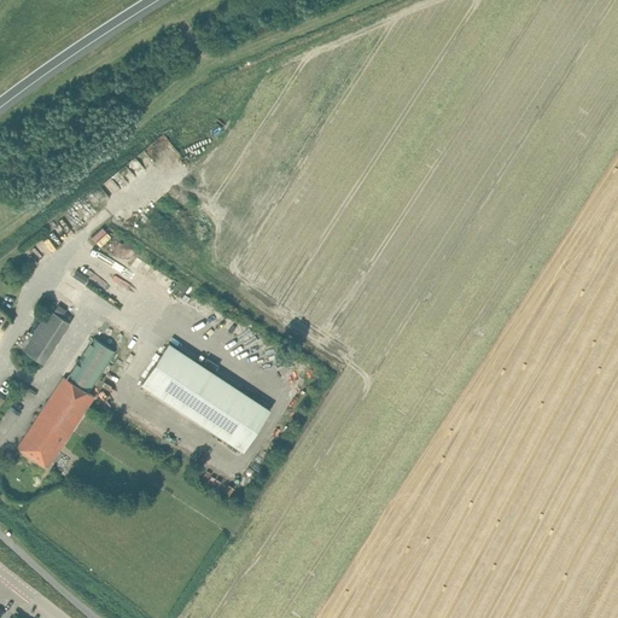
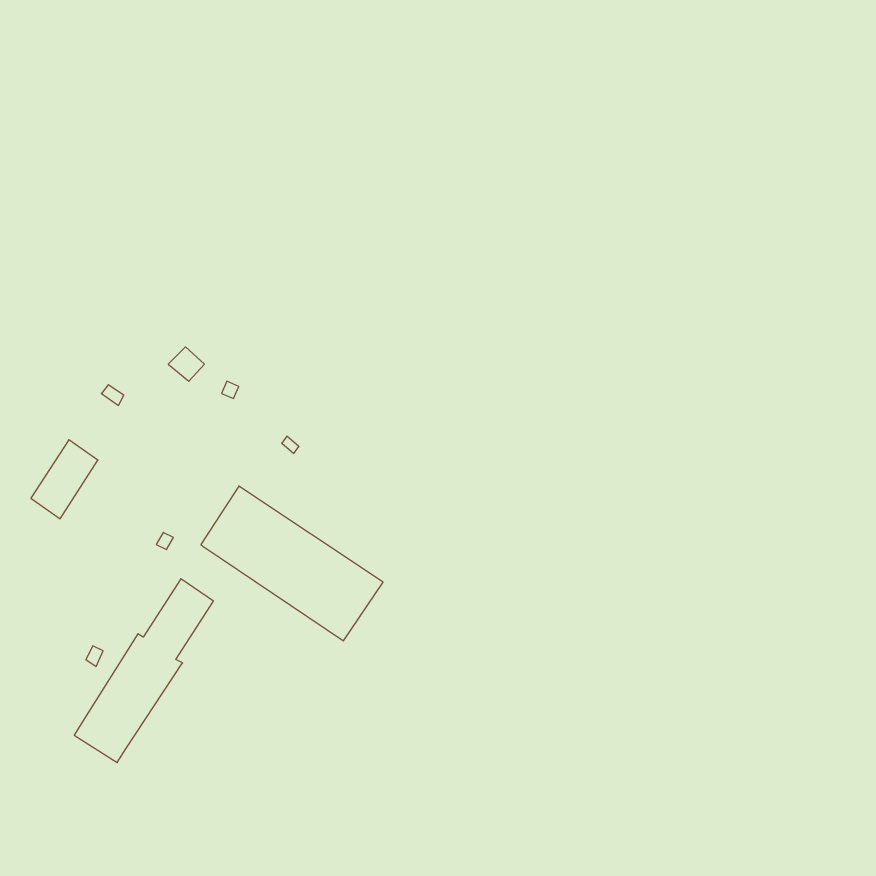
building: [17,339,115,468] -> [74,579,213,763]

